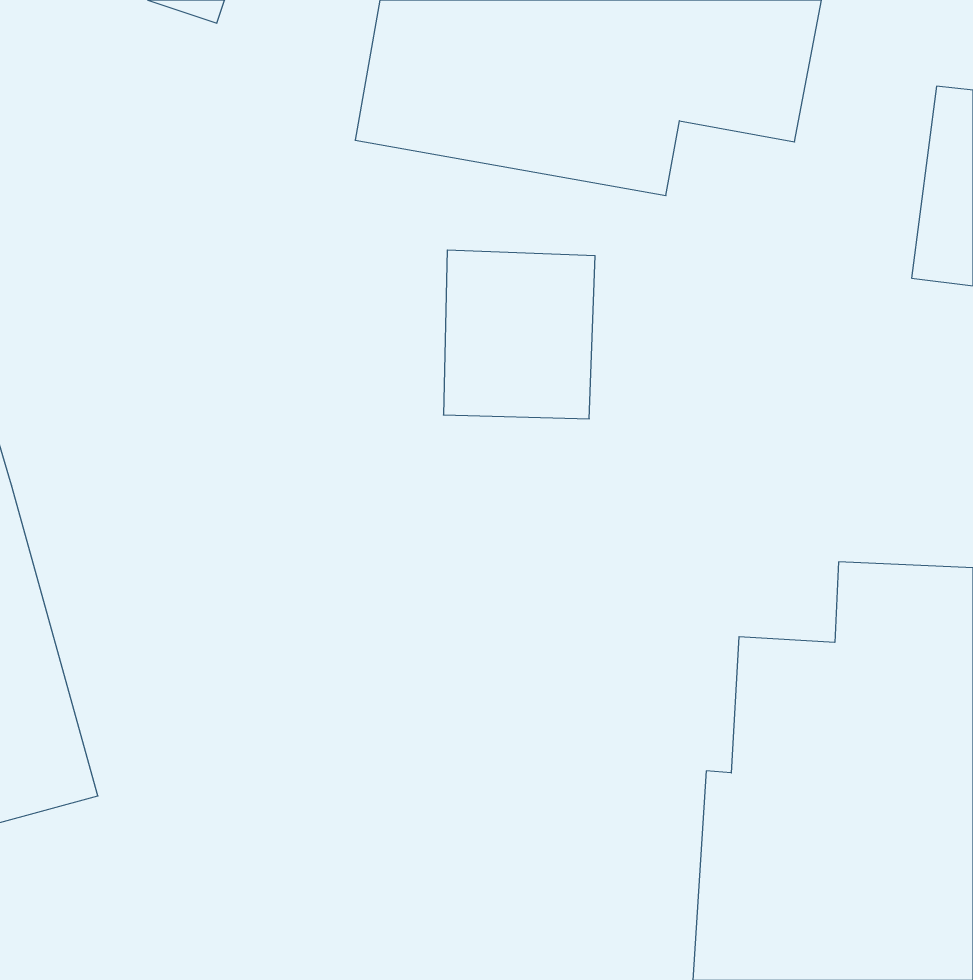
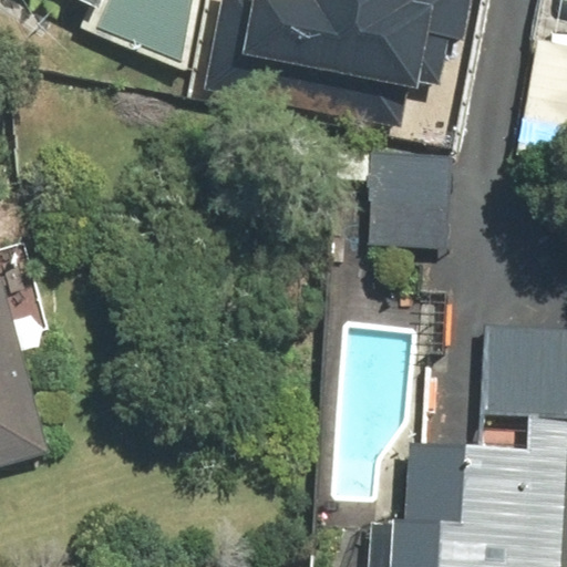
building: [443,250,595,419] -> [374,154,462,251]

